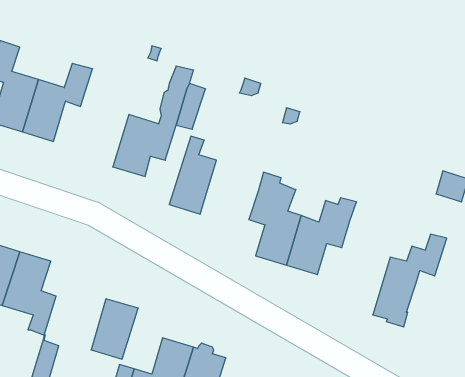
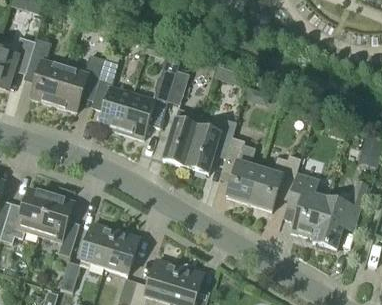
building: none -> [90,59,132,132]
building: none -> [185,115,236,174]
building: none -> [287,172,326,242]
building: none -> [80,223,115,268]

